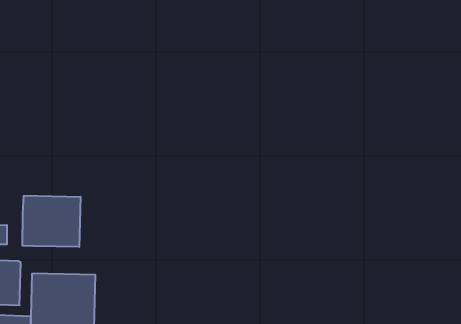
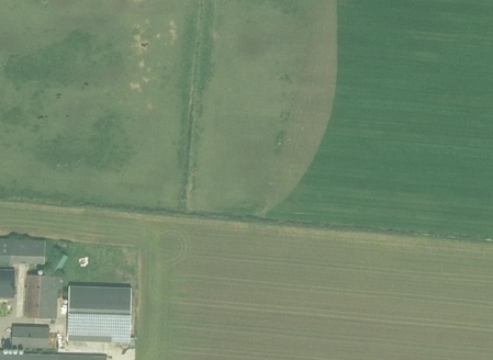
building: [23,196,81,247] -> none

